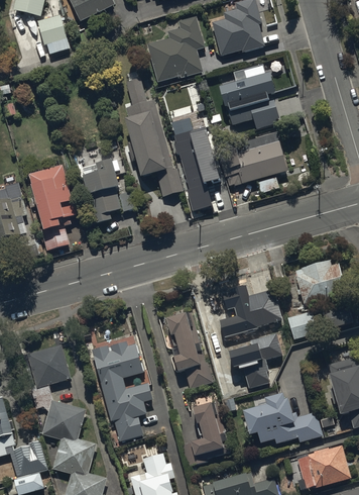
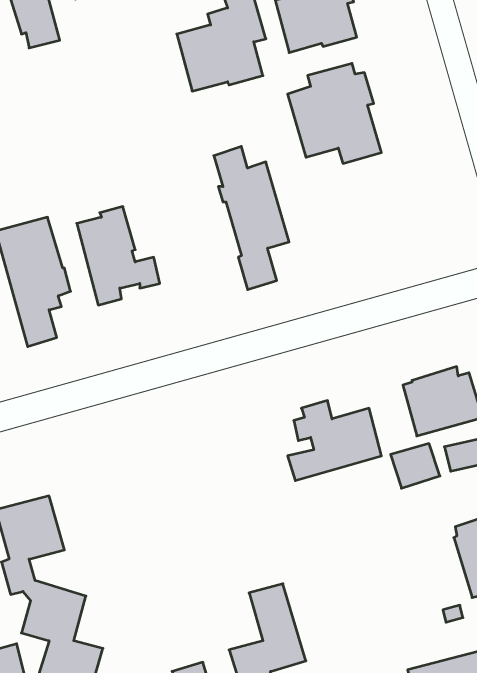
building: [123,78,184,196] -> none
building: [216,130,285,192] -> none
building: [165,313,207,390] -> none
building: [227,333,279,388] -> none
building: [92,343,152,442] -> none
building: [242,396,322,448] -> none

